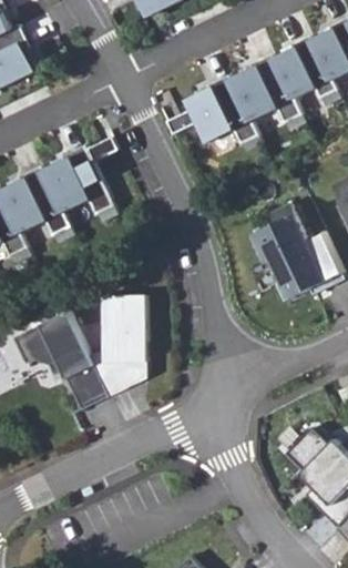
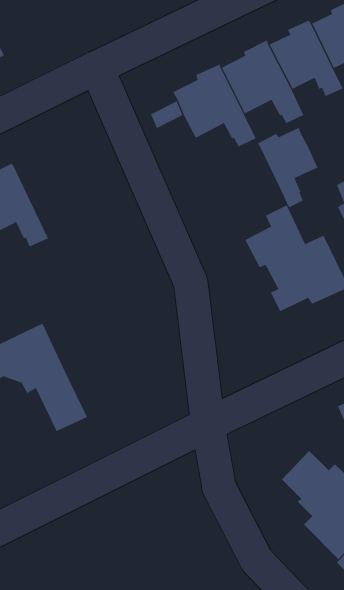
building: none -> [257,127,318,208]
building: [43,144,117,221] -> none
building: [90,295,146,396] -> none

